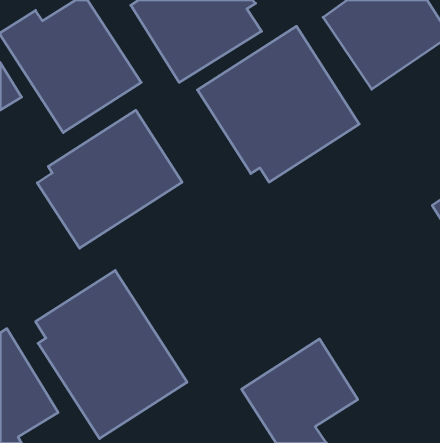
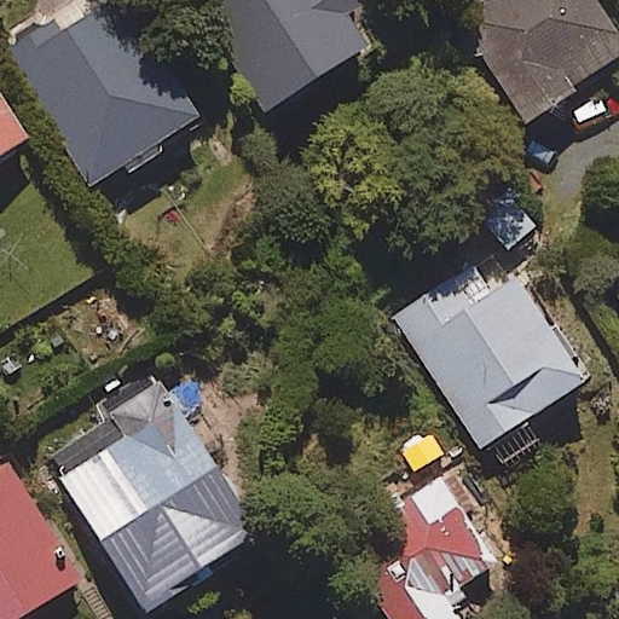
building: [197,26,359,182] -> none
building: [37,110,182,248] -> none
building: none -> [394,272,585,456]

